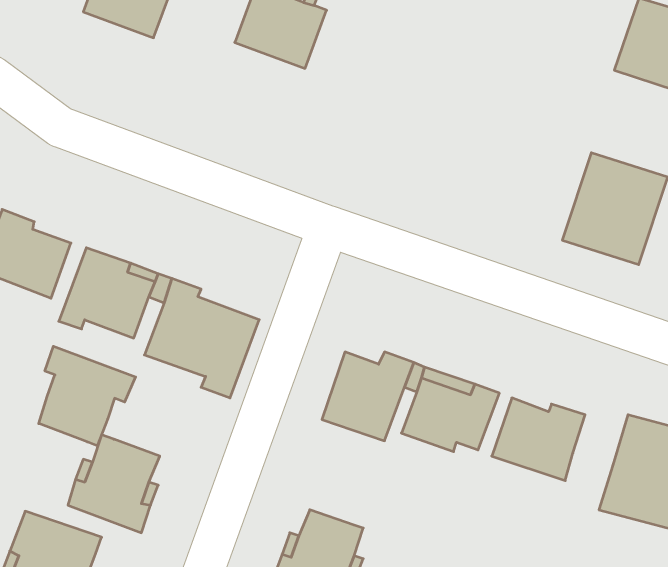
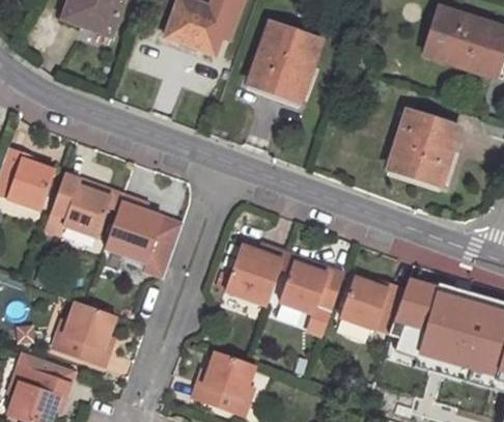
building: none -> [250,24,320,103]
building: [39,346,136,446] -> none
building: none -> [395,272,436,322]

